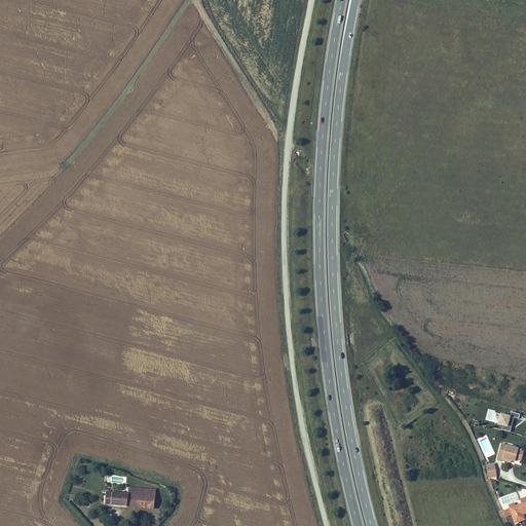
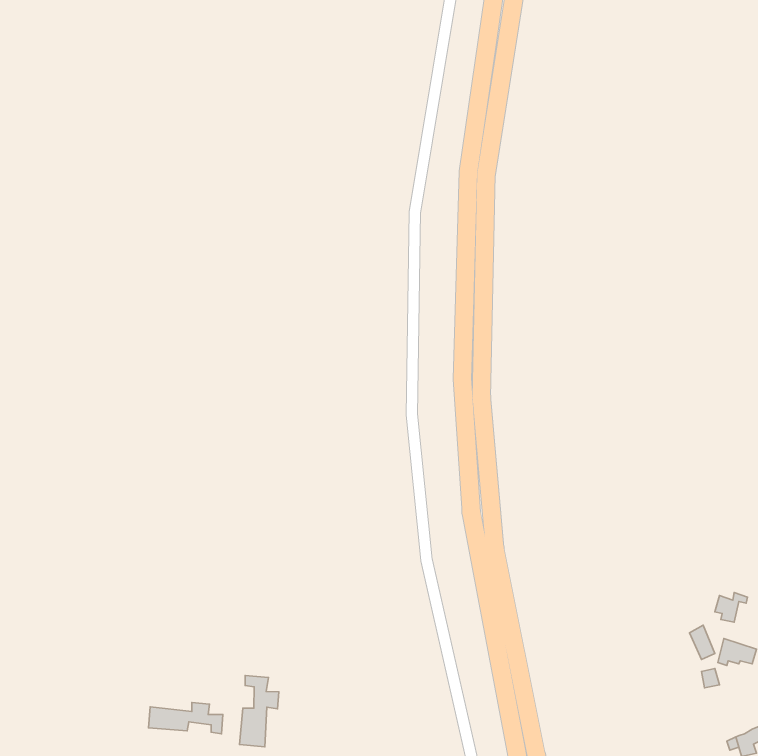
building: none -> [240,676,279,747]

